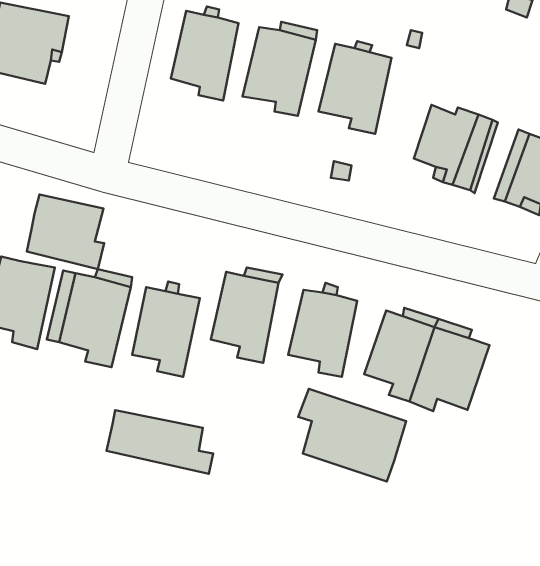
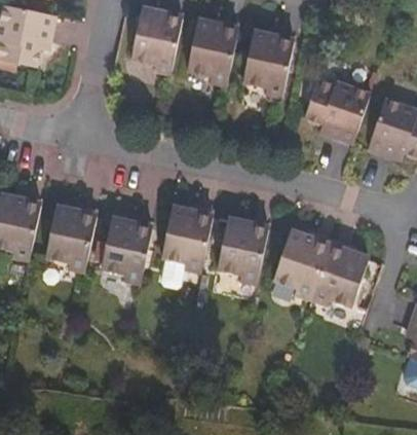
building: [27,194,104,269] -> none
building: [298,389,406,482] -> none
building: [107,410,213,474] -> none

